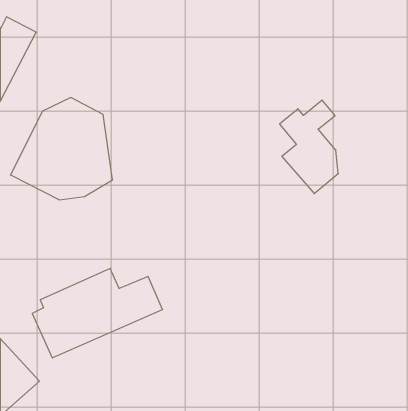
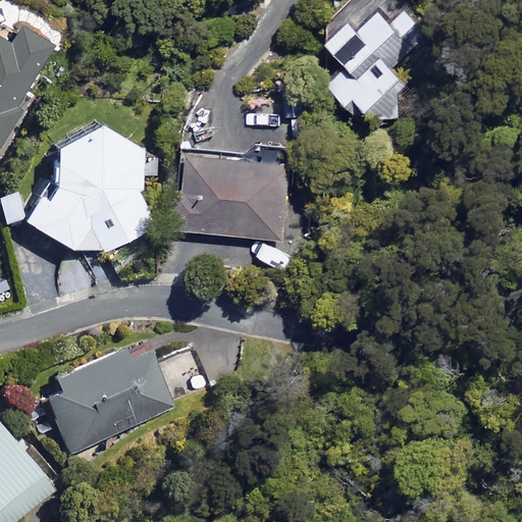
building: [280,100,338,194] -> [328,14,403,133]
building: none -> [172,153,293,242]

